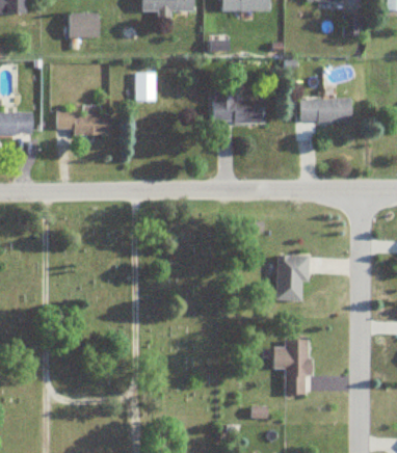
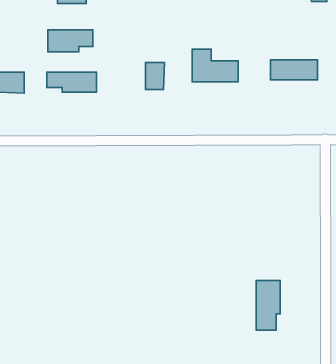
building: none -> [48,30,93,52]
building: [135,73,156,102] -> [145,63,165,89]
building: [275,254,308,300] -> none

